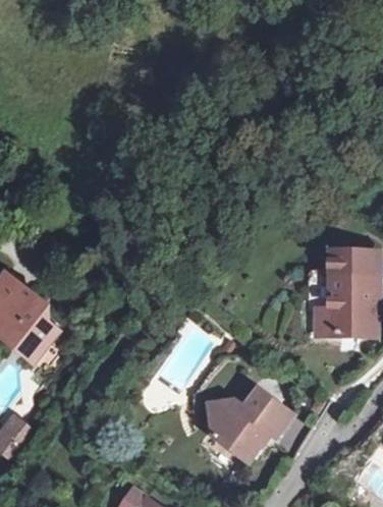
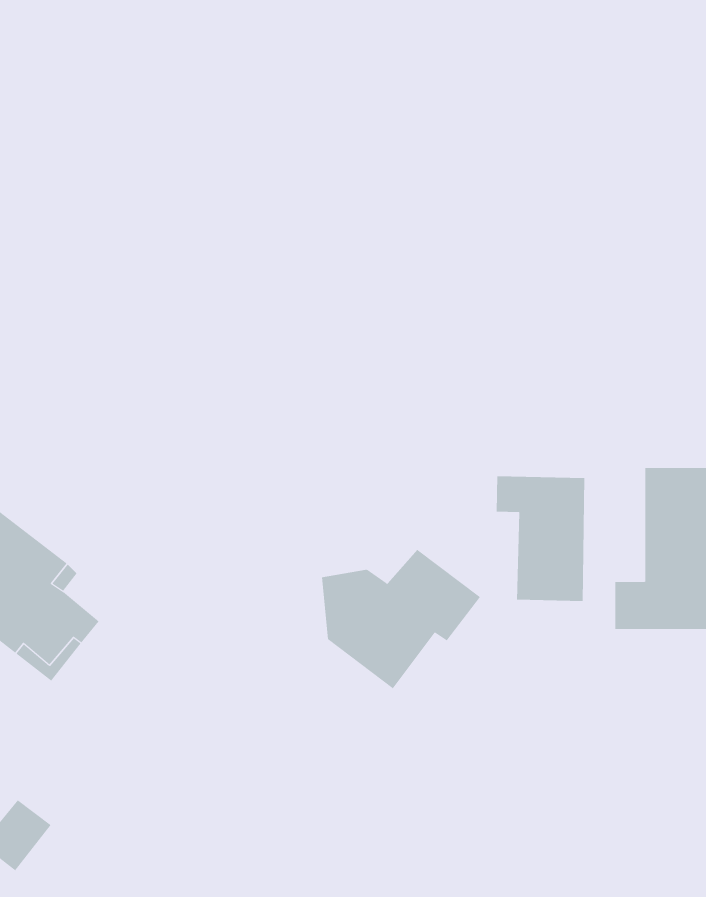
building: none -> [496,475,585,602]
building: [210,389,291,460] -> [321,549,481,689]

